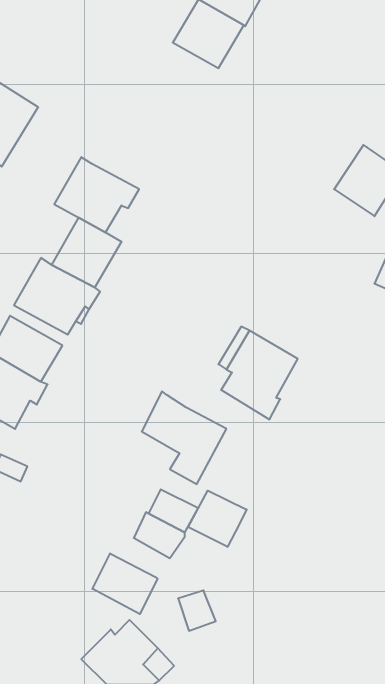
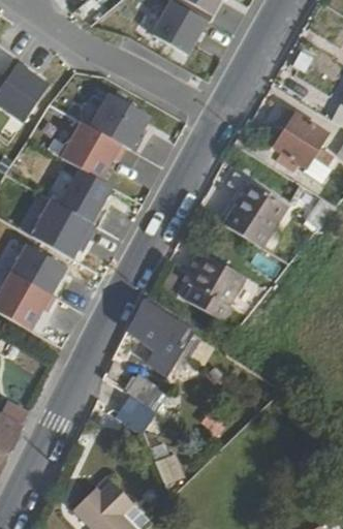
building: none -> [88,93,148,152]
building: none -> [227,183,287,245]
building: [188,491,247,547] -> none
building: [92,553,157,614] -> none

